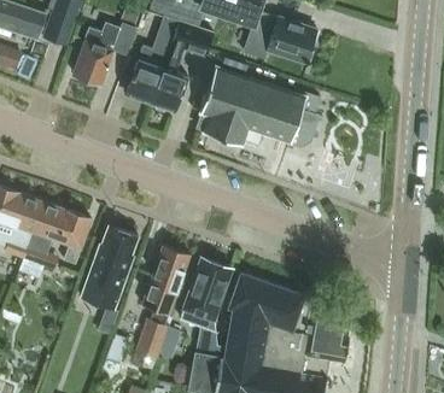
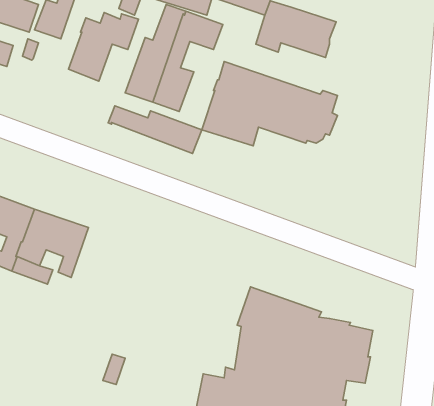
building: none -> [108,106,202,154]
building: [82,227,139,310] -> none
building: [134,246,191,359] -> none
building: [185,259,232,357] -> none

